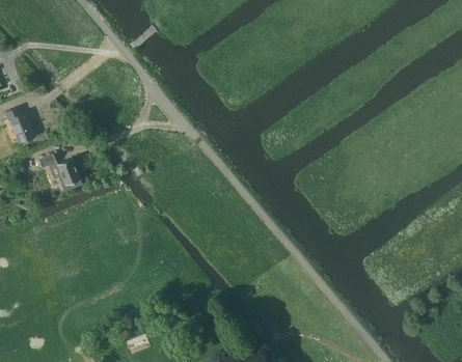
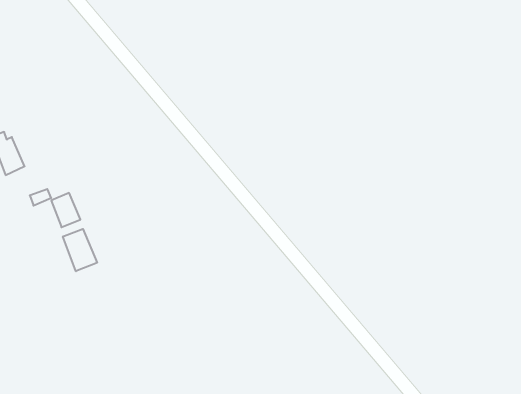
building: none -> [63,229,97,271]

